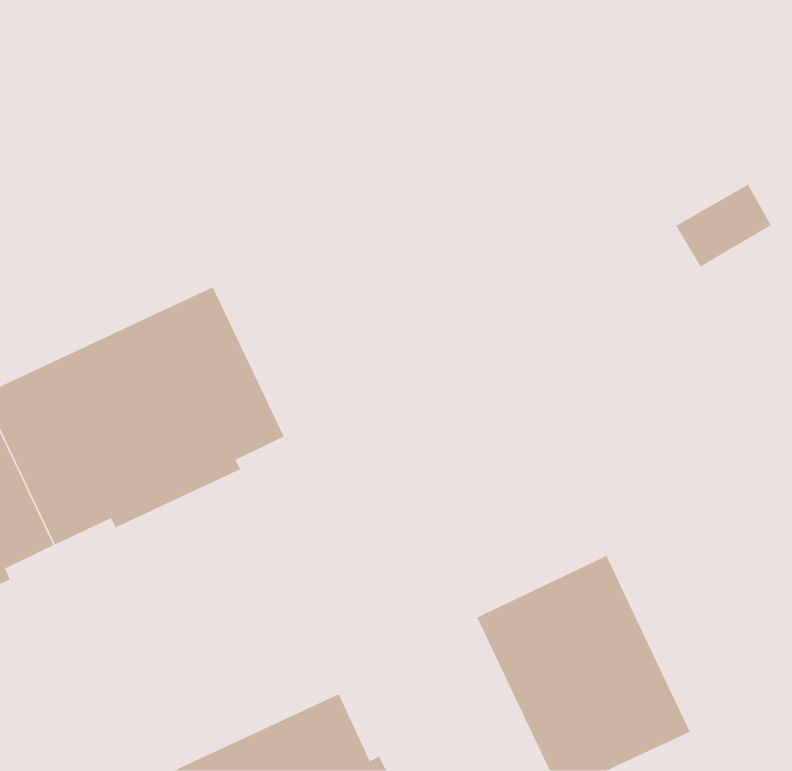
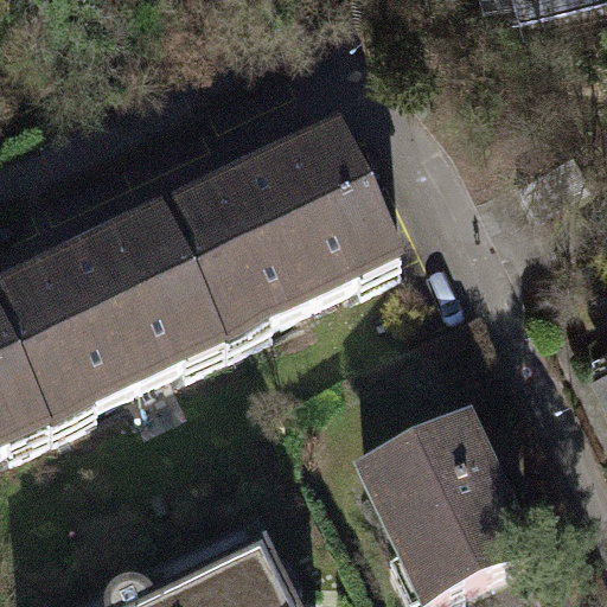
building: none -> [162,135,394,333]

